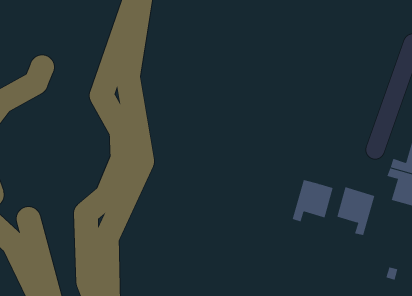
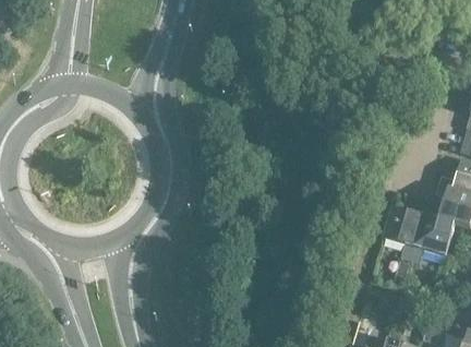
building: [292,179,334,222] -> [411,213,455,258]

